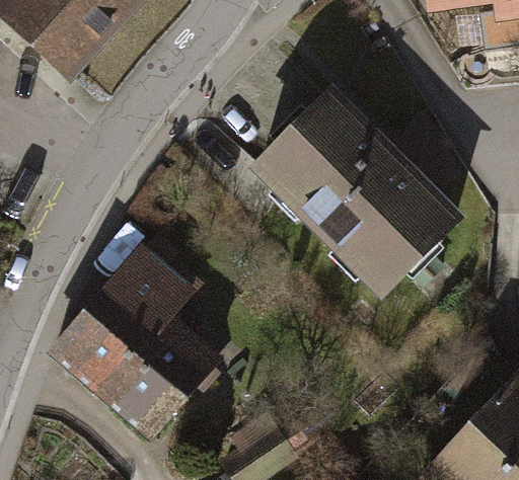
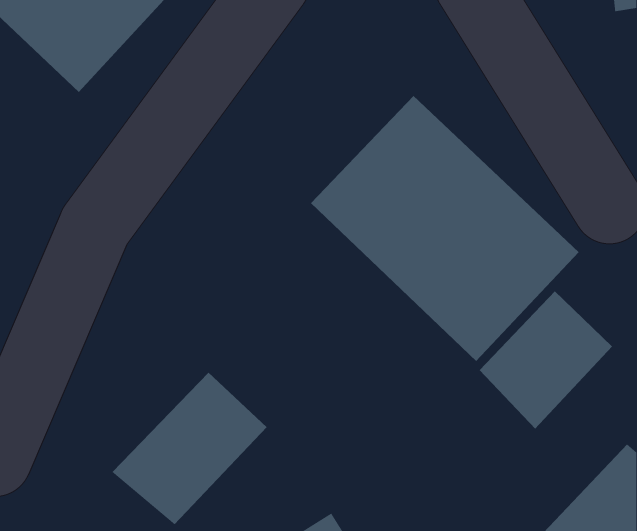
building: none -> [479,290,613,429]
building: [42,245,195,389] -> none

